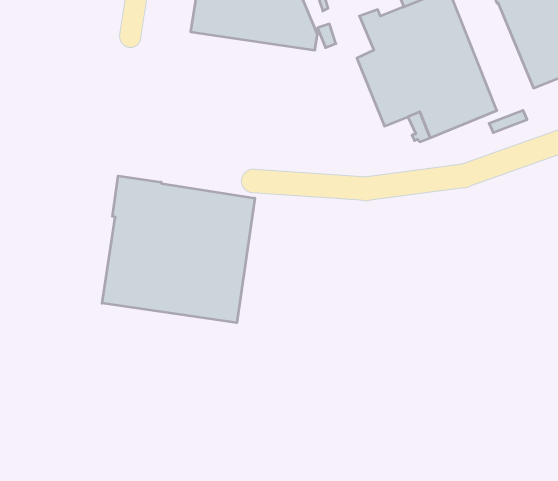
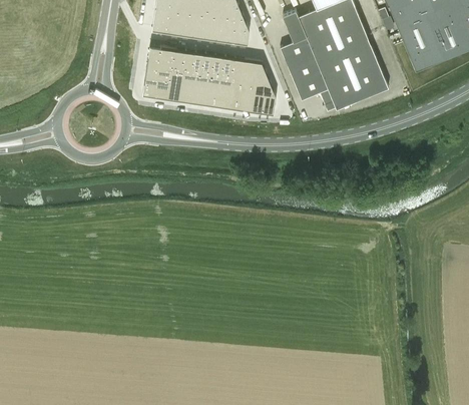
building: none -> [142,46,276,114]
building: [102,176,255,323] -> none

